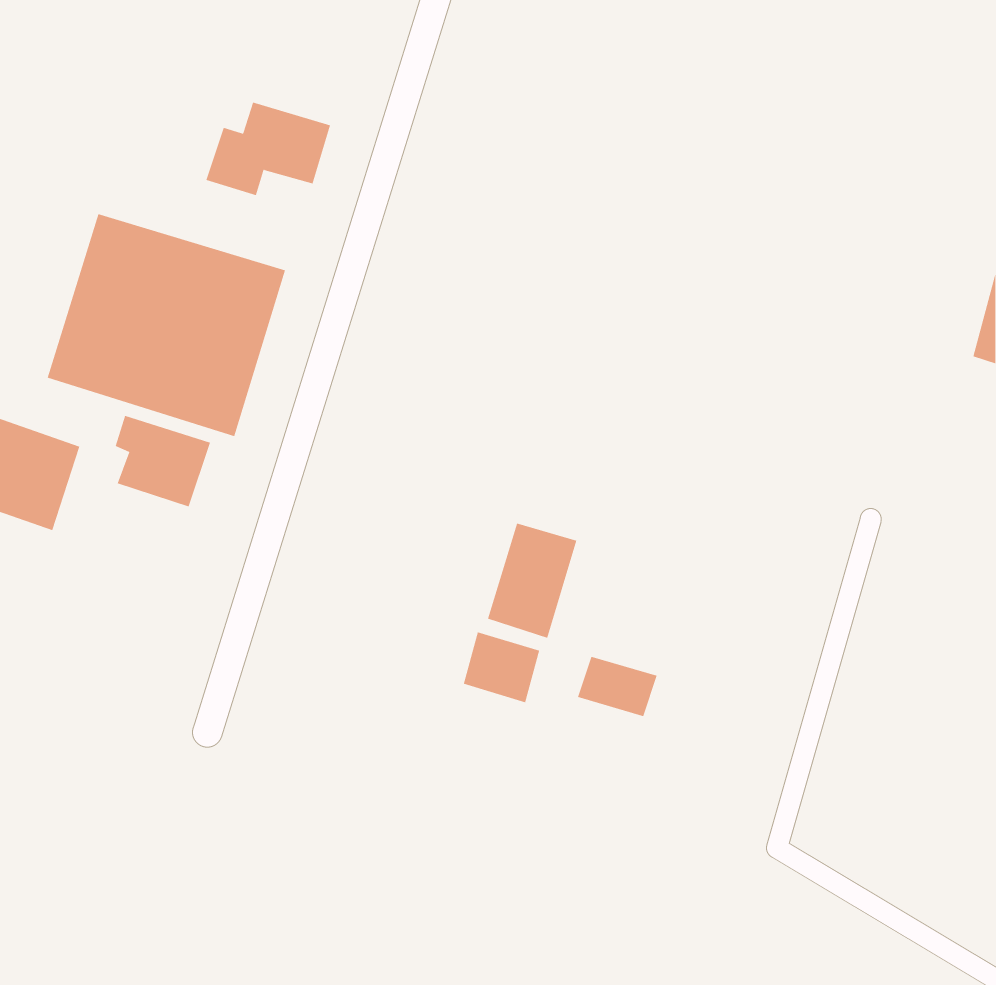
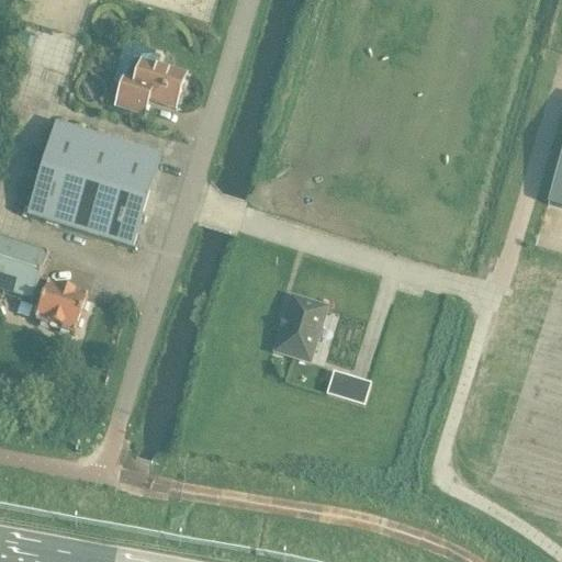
building: [115,415,211,507] -> [33,278,87,329]
building: [463,631,540,703] -> none

